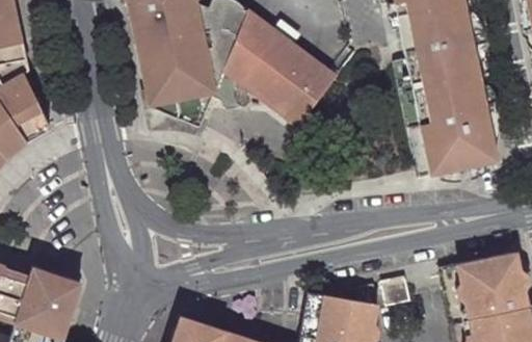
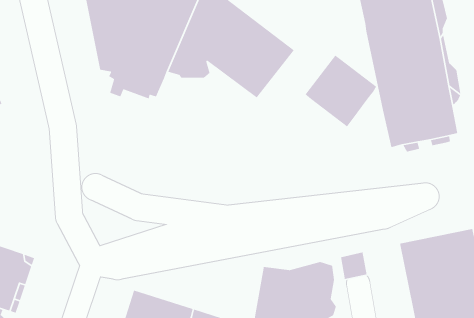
building: none -> [305,54,377,127]

